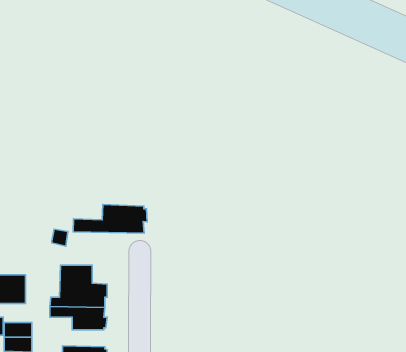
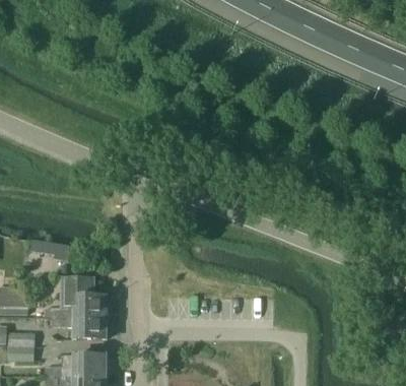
building: [73,205,147,233] -> none

